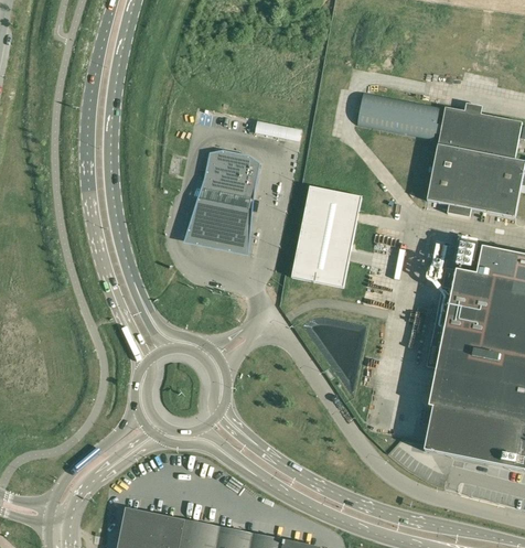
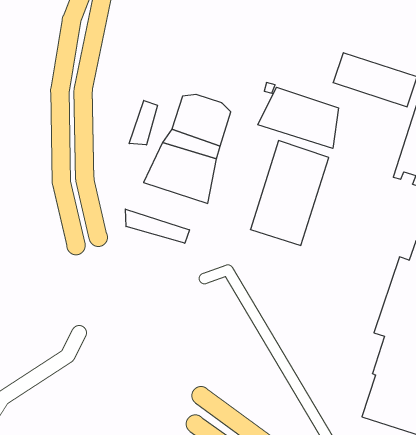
building: none -> [258,87,338,148]
building: none -> [129,100,157,145]
building: none -> [125,209,189,243]

